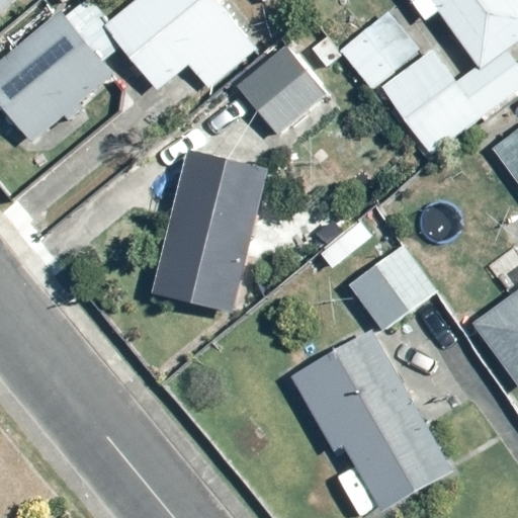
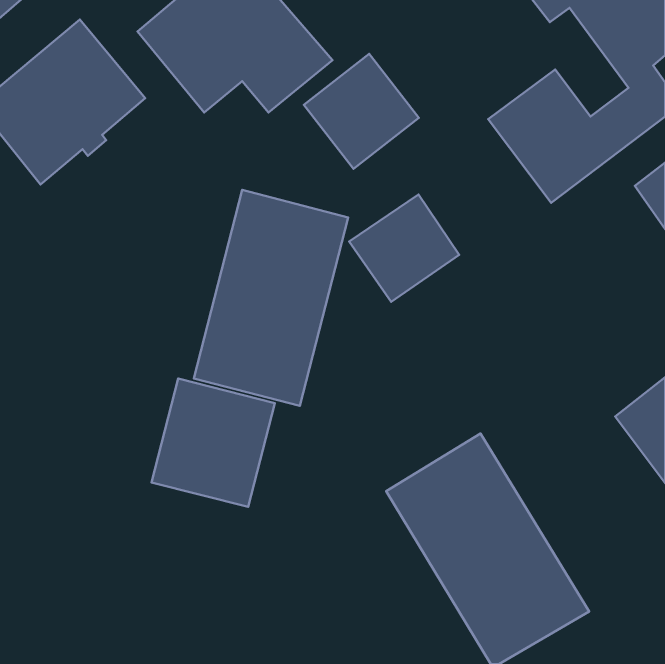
building: [337,6,418,85] -> none
building: [346,243,431,326] -> [349,195,459,302]
building: none -> [152,379,275,507]

